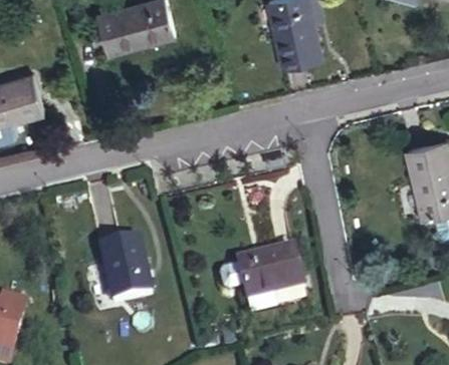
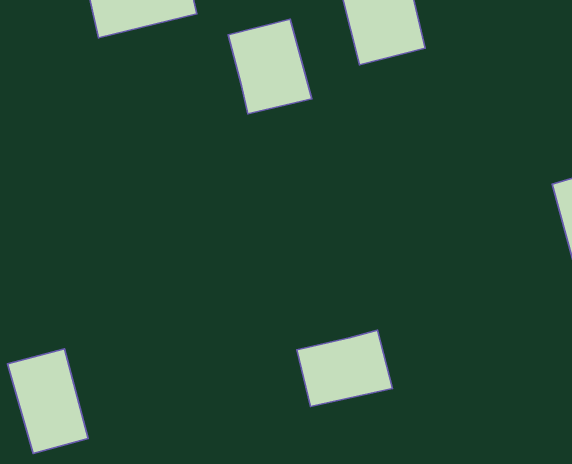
building: none -> [228,19,312,114]
building: [93,236,148,306] -> [8,349,88,453]

